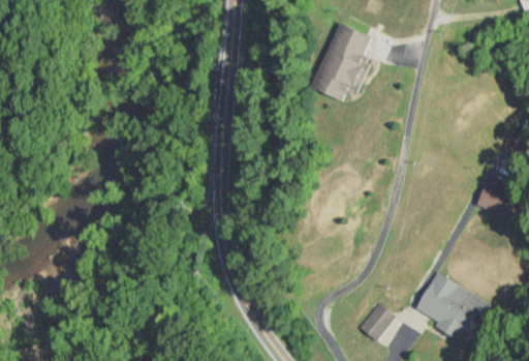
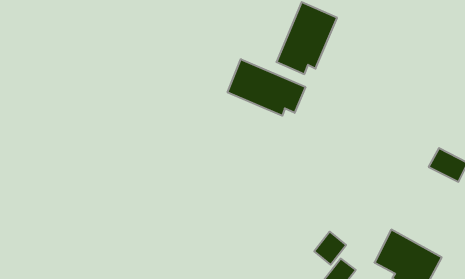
building: none -> [228,59,305,116]
building: none -> [314,232,346,265]

